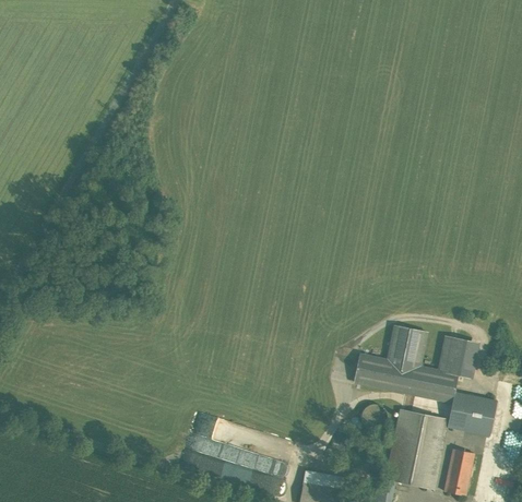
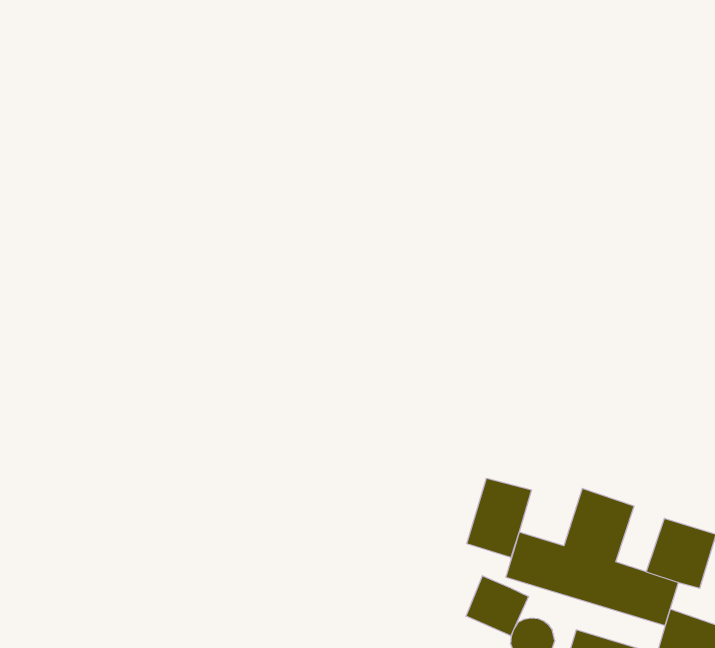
building: none -> [467,478,532,558]
building: none -> [466,576,529,636]

